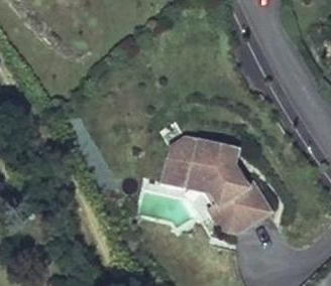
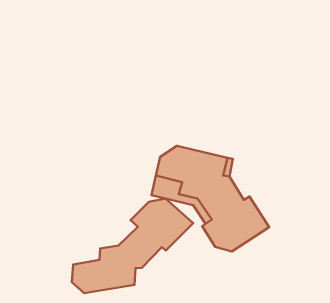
building: none -> [72,199,193,293]

